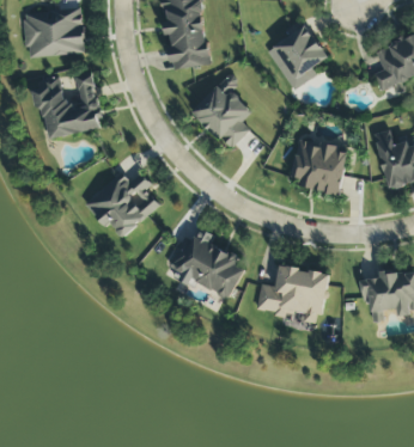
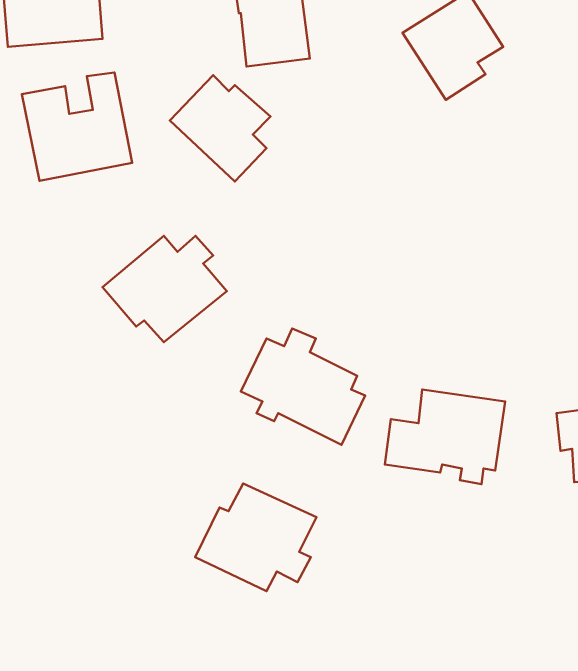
building: [191,85,252,149] -> [170,75,270,182]
building: [291,137,348,195] -> none
building: none -> [195,484,316,591]

